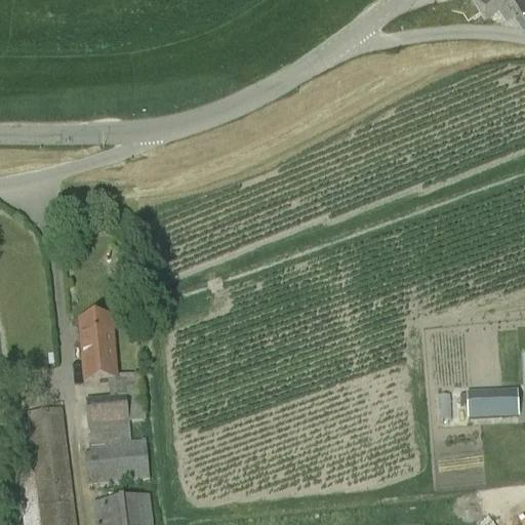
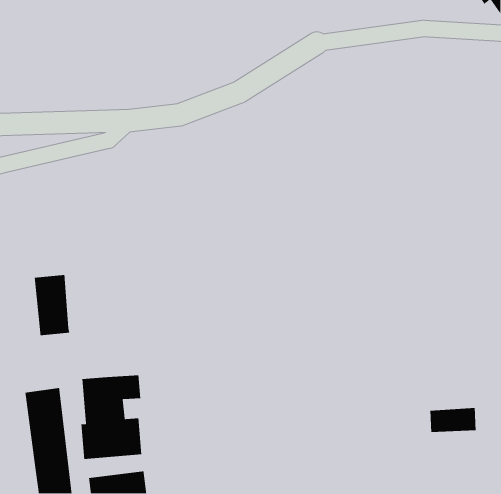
building: [79,314,117,378] -> [34,274,70,336]
building: [468,387,517,413] -> [429,407,476,433]

